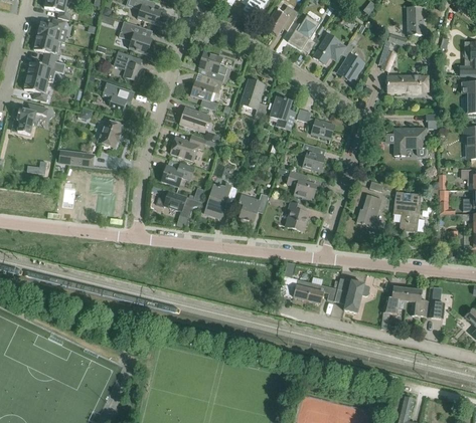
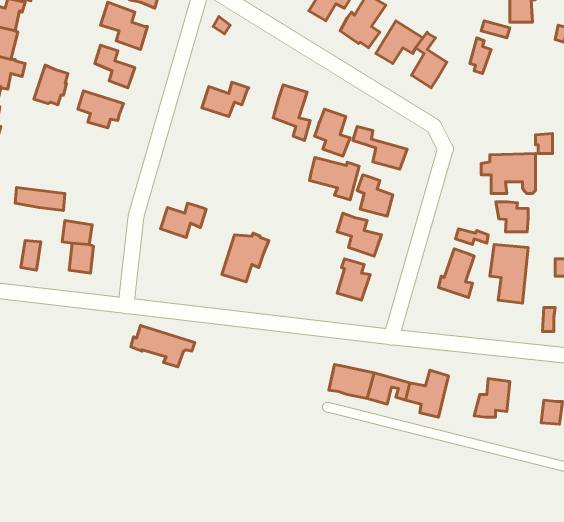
building: [199,50,227,80] -> none
building: [387,75,427,91] -> none
building: [180,105,209,131] -> none
building: [98,119,122,147] -> [34,65,68,105]
building: none -> [309,158,359,200]
building: [170,134,206,160] -> none
building: none -> [496,202,528,232]
building: [156,188,201,217] -> [131,325,195,367]
building: [239,193,261,221] -> none
building: [407,287,428,315] -> none

